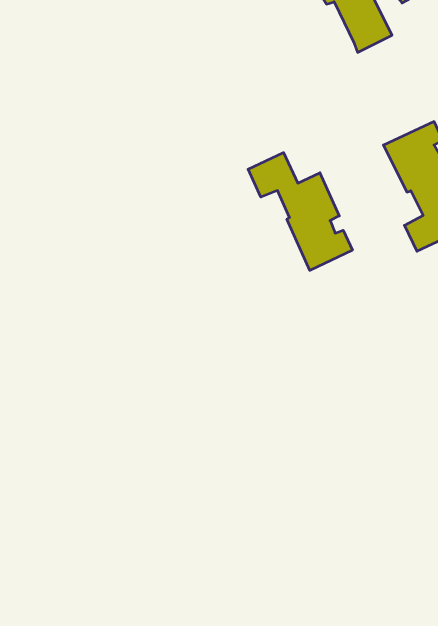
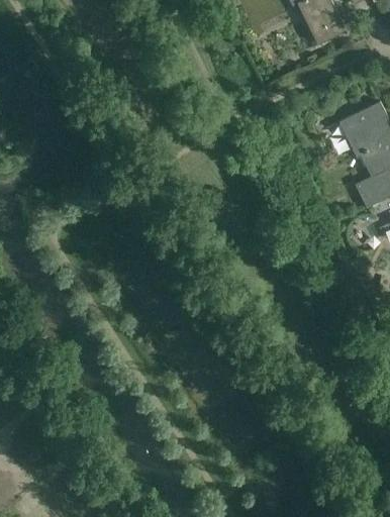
building: [248,153,352,270] -> none

